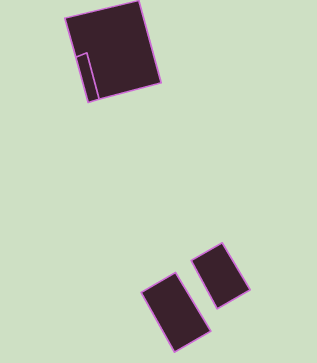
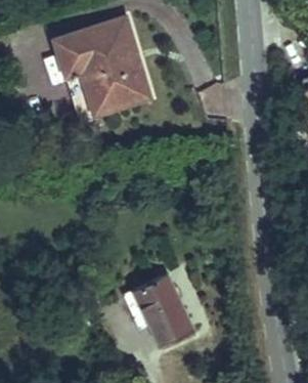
building: [191,243,250,309] -> none

